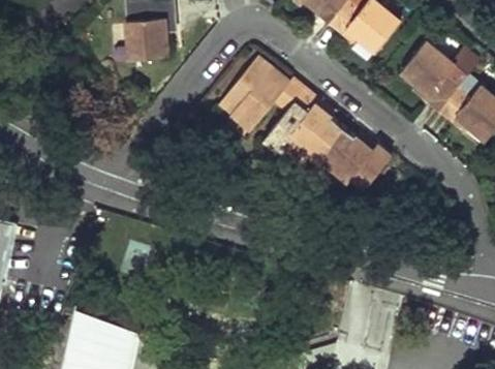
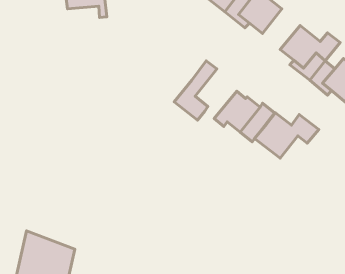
building: [120,19,171,61] -> none
building: [218,57,306,132] -> none
building: [291,102,345,163] -> none
building: none -> [255,113,319,158]

